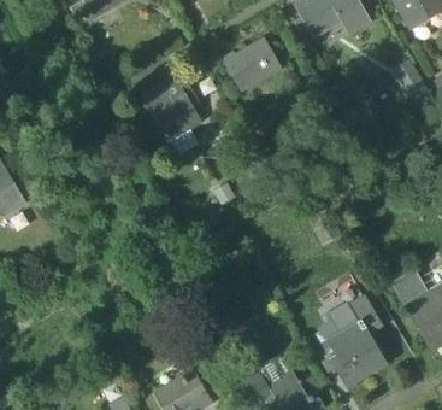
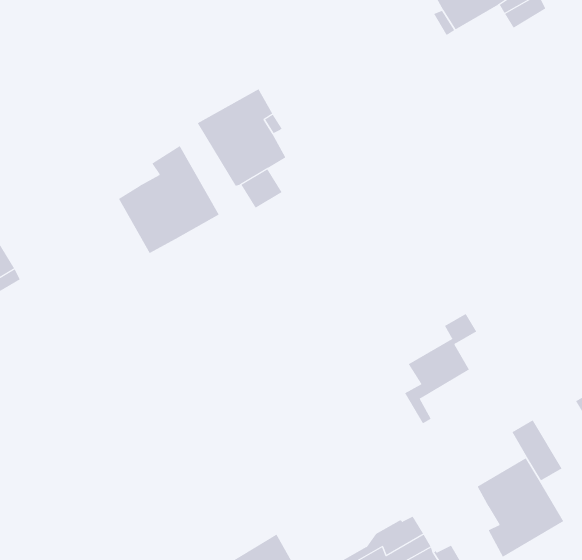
building: [224,40,281,90] -> none
building: none -> [118,145,219,254]
building: [316,282,364,356] -> [404,313,477,424]

